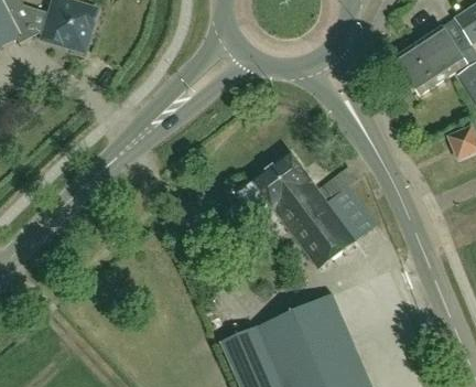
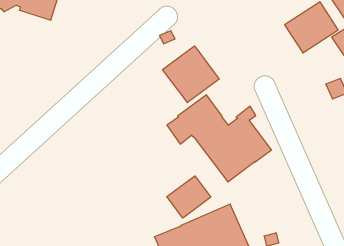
building: none -> [163,46,219,103]
building: none -> [167,176,211,218]

